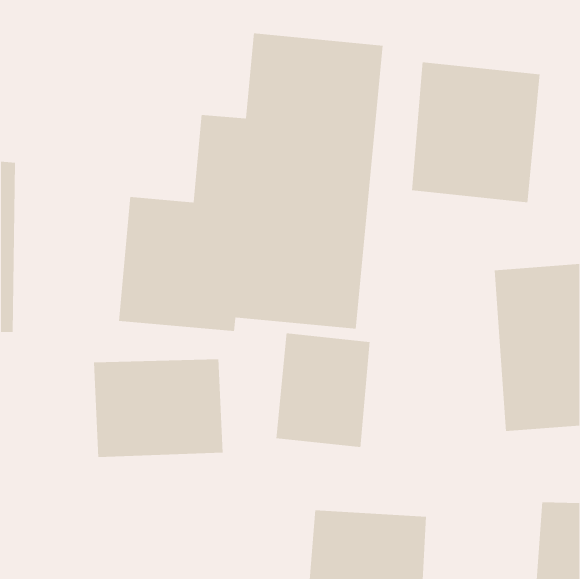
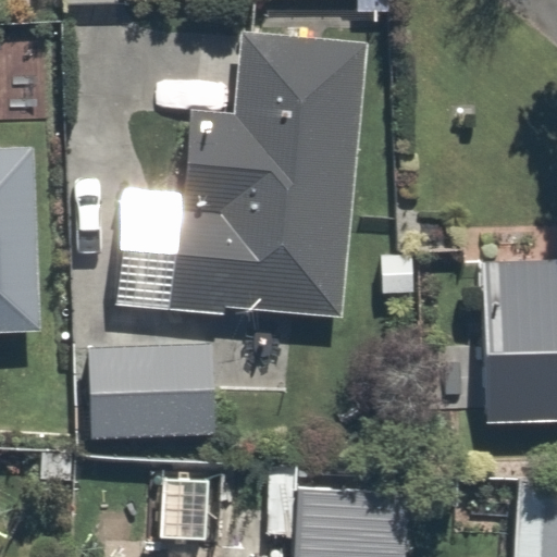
building: [411,61,540,203] -> none
building: [276,332,370,448] -> none

